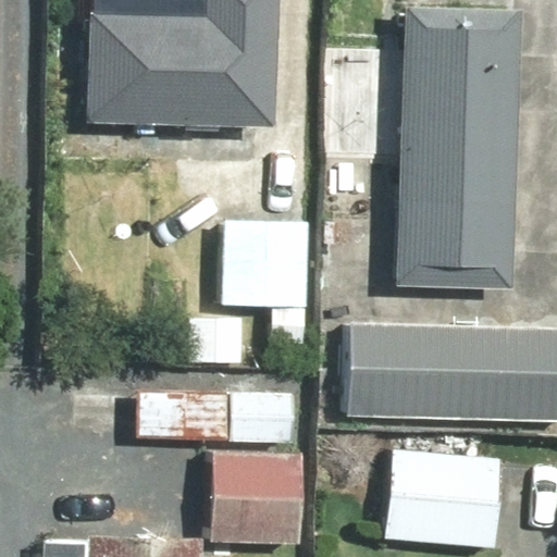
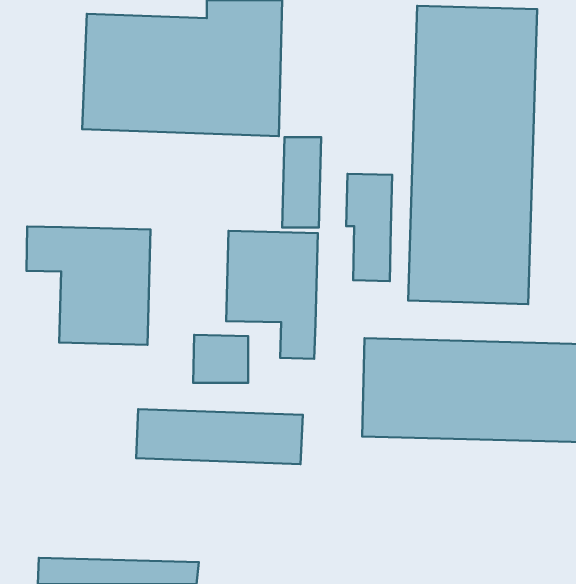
building: none -> [26,227,150,345]
building: [387,448,505,547] -> none
building: [209,450,304,541] -> none

